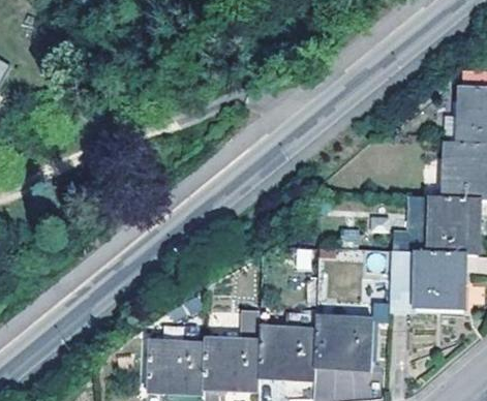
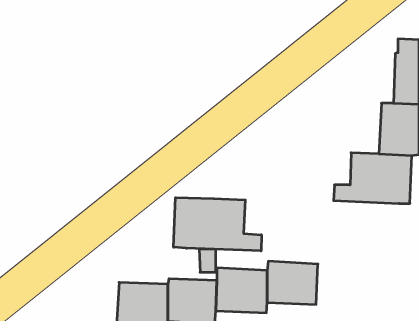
building: none -> [174,198,261,251]
building: [388,251,463,309] -> none

